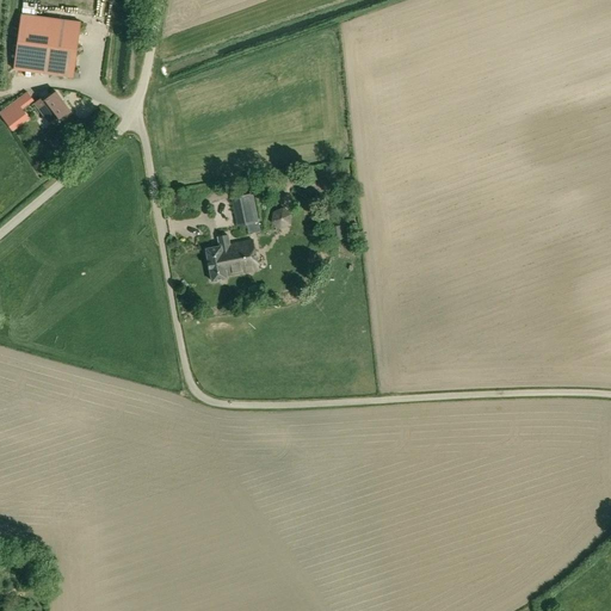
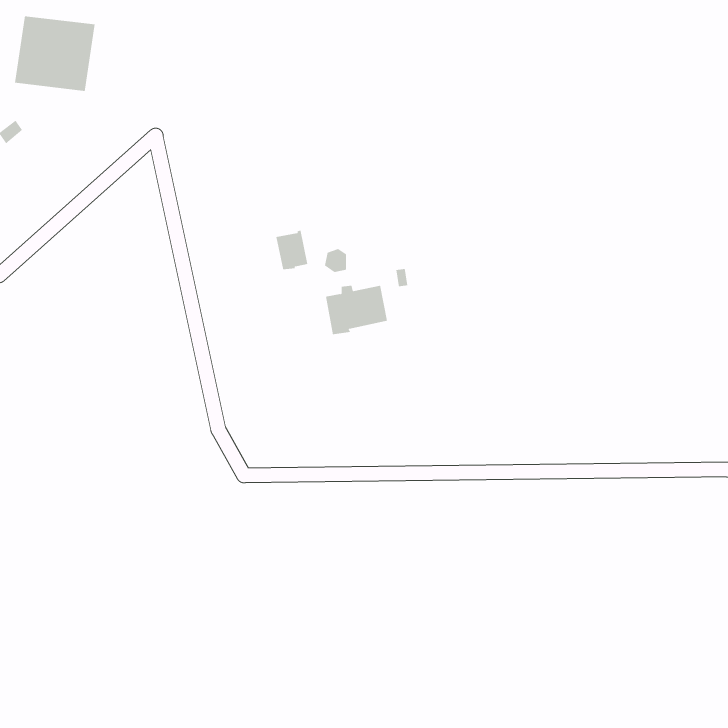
building: [32,91,70,124] -> none
building: [206,239,259,280] -> [325,285,388,335]

